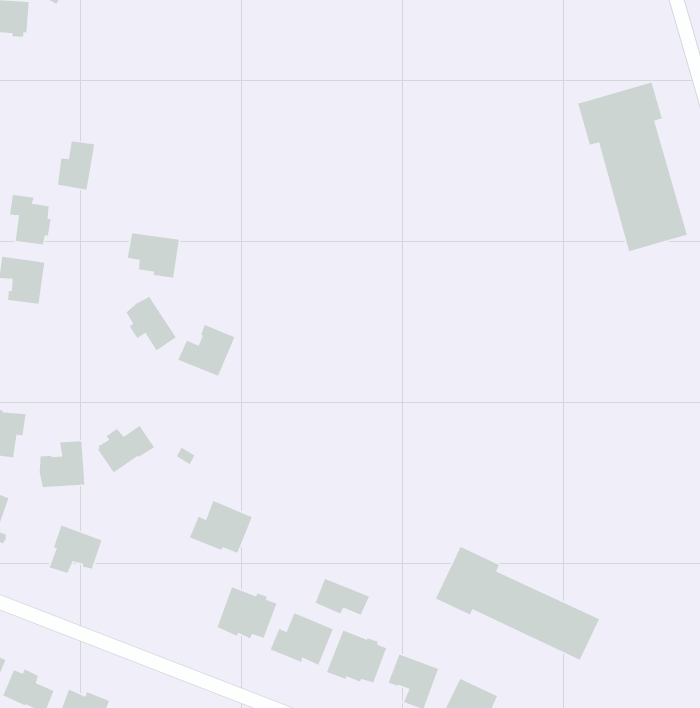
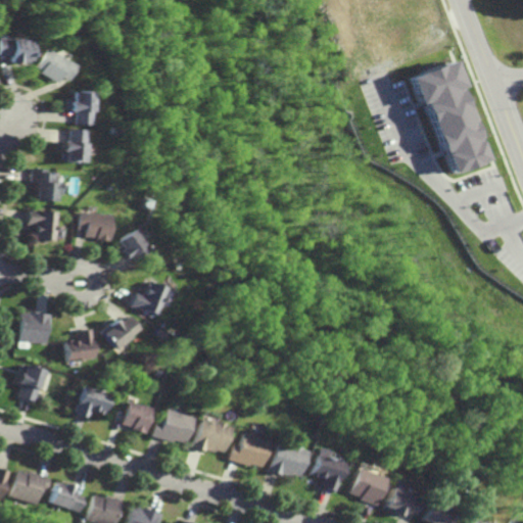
building: none -> [40,48,80,83]
building: none -> [69,91,93,125]
building: [127,233,180,278] -> [78,212,112,241]
building: [177,324,235,377] -> [132,281,170,316]
building: [189,500,253,554] -> [153,410,195,444]
building: [435,546,600,661] -> none
building: none -> [125,401,155,434]
building: [314,578,370,616] -> none

